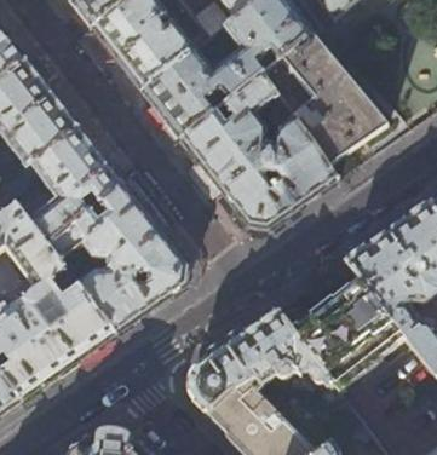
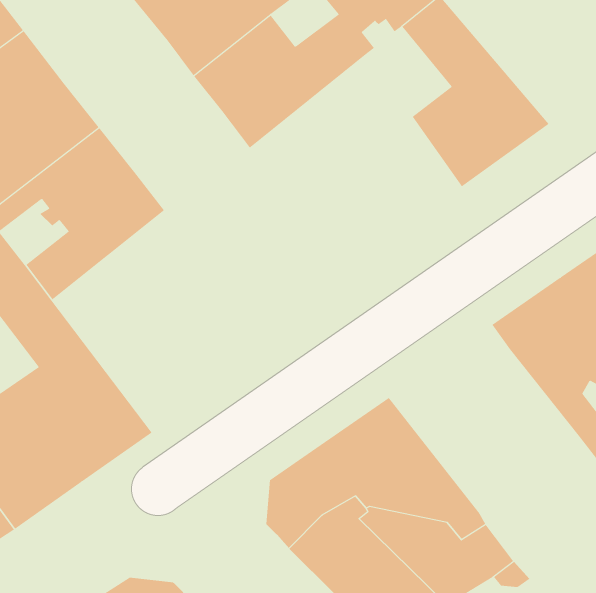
building: [180,74,333,227] -> none
building: [45,182,188,334] -> none
building: [289,277,406,388] -> none

